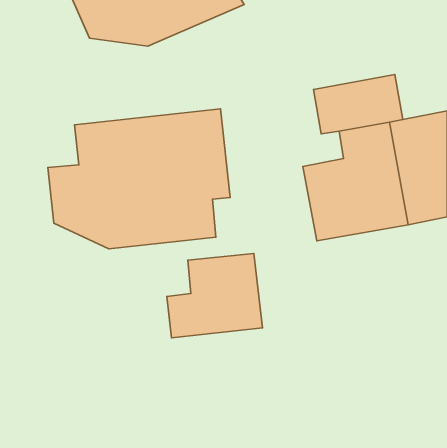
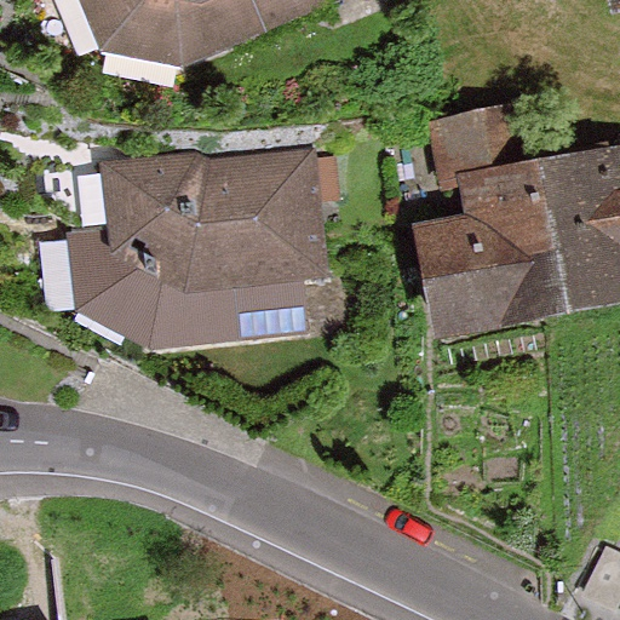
building: [167,254,263,338] -> none

